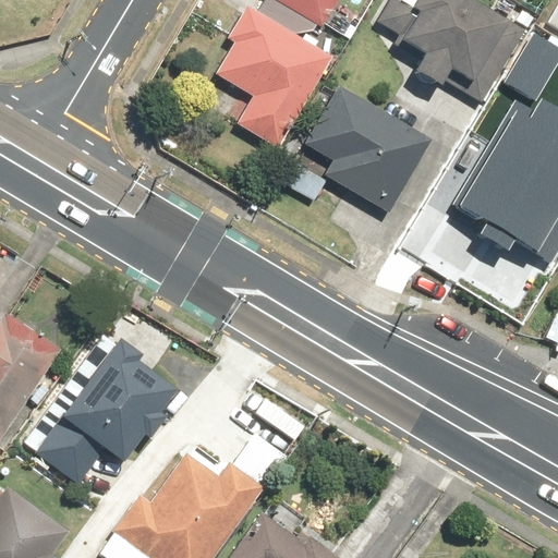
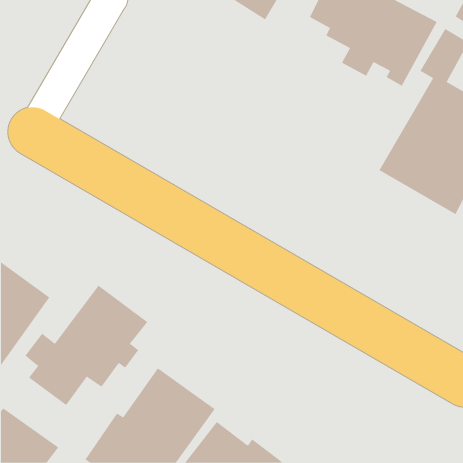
building: [213,11,331,148] -> none
building: [302,86,429,214] -> none

